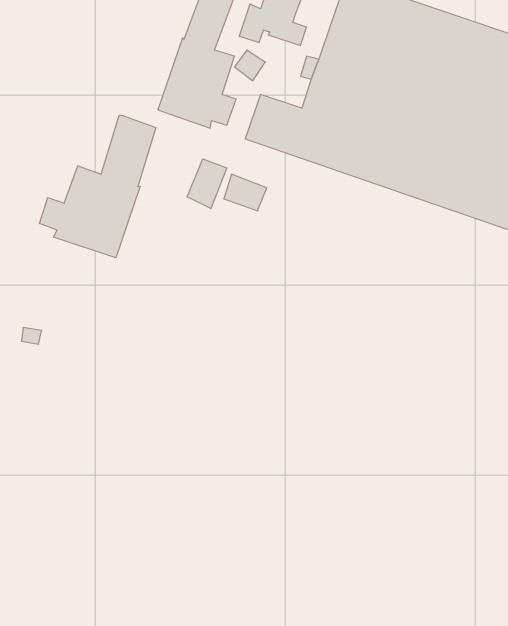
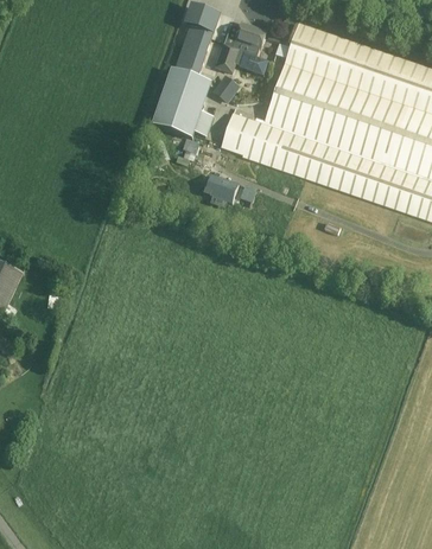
building: [39,115,156,258] -> none
building: [187,159,227,209] -> none

